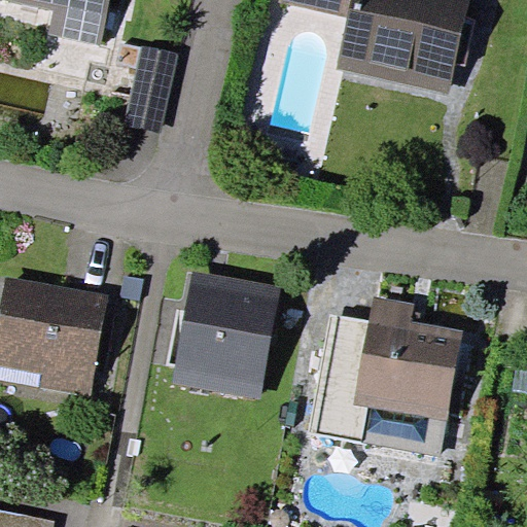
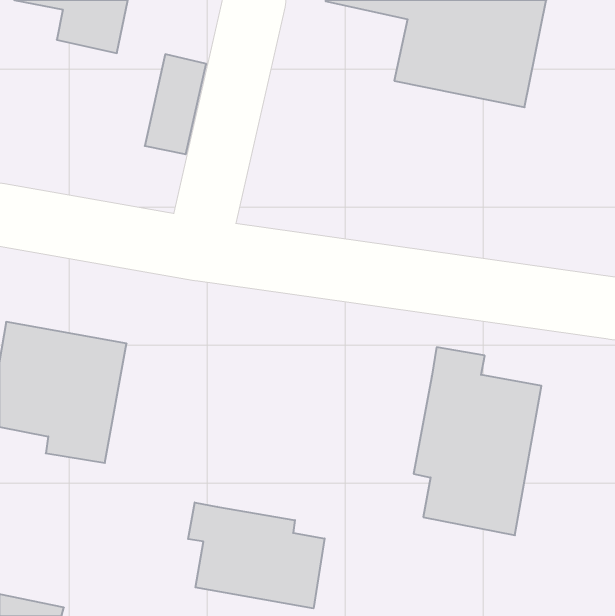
building: [173,269,280,399] -> none
building: [310,314,368,442] -> none
building: none -> [188,502,325,608]

